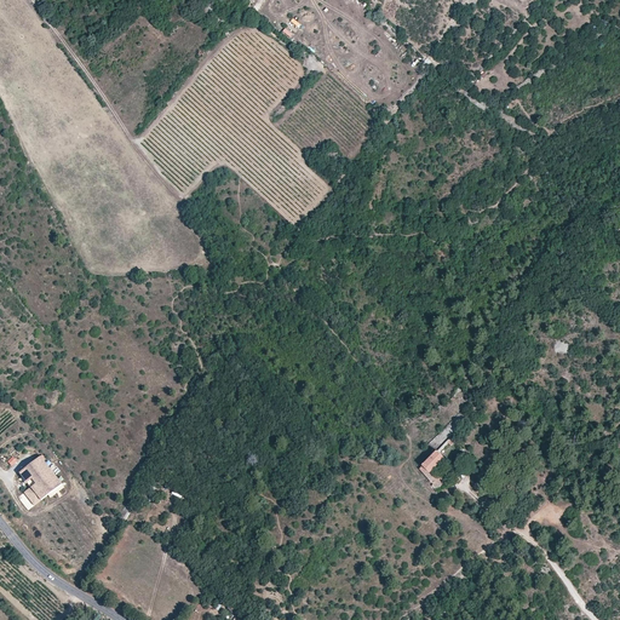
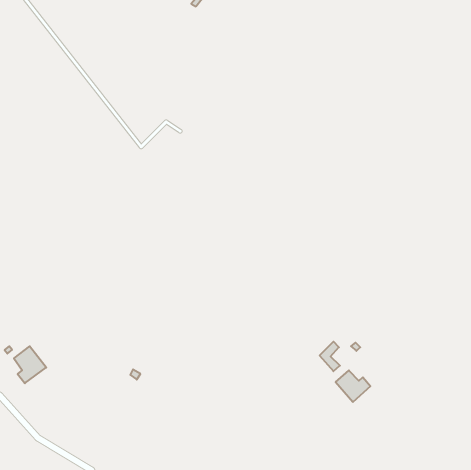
building: none -> [336,370,370,402]

